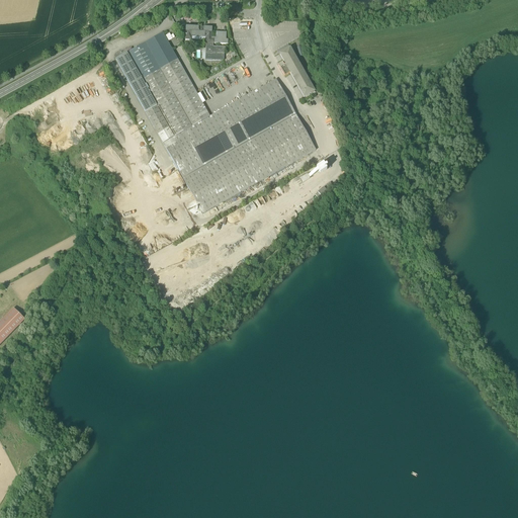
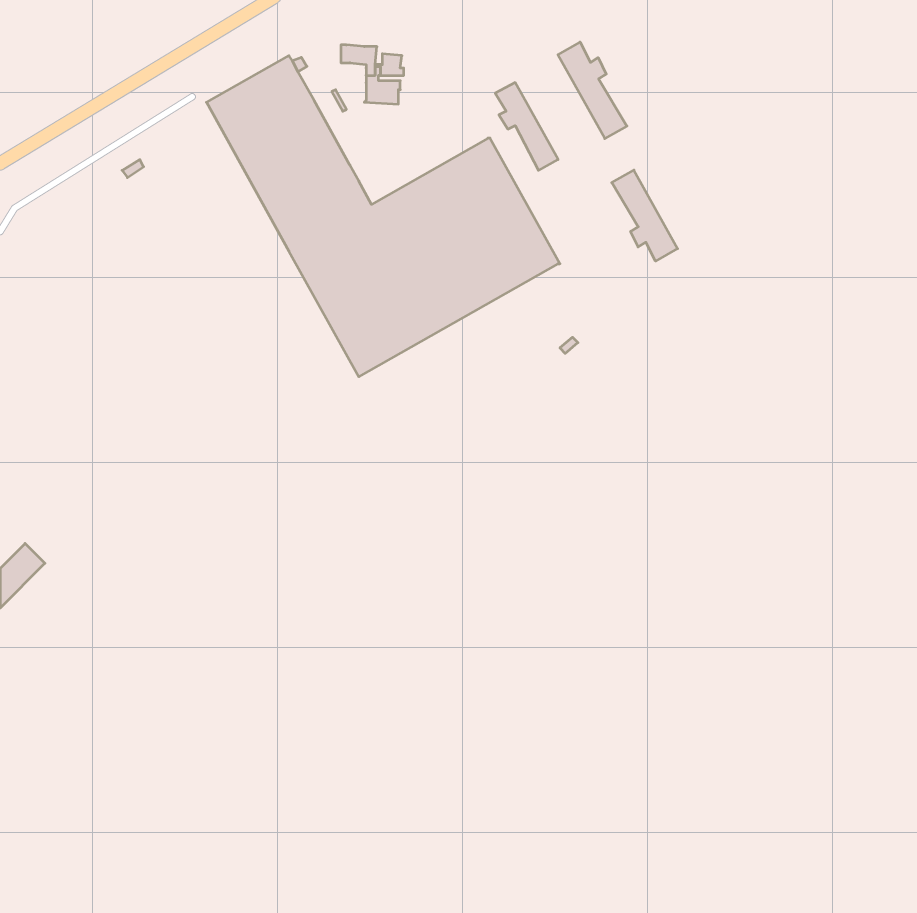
building: none -> [558,42,627,139]
building: none -> [612,170,678,261]

